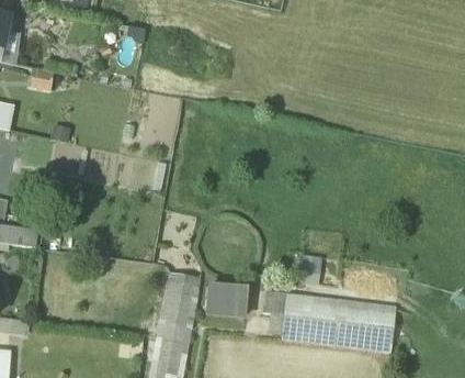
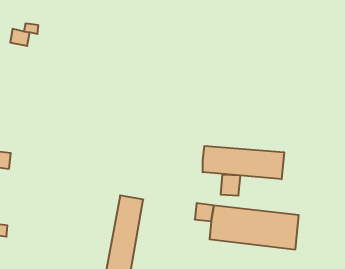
building: none -> [203,146,284,179]
building: [205,290,247,320] -> none

